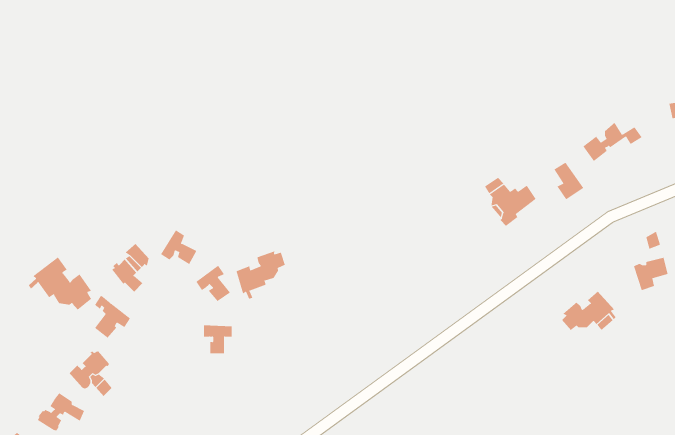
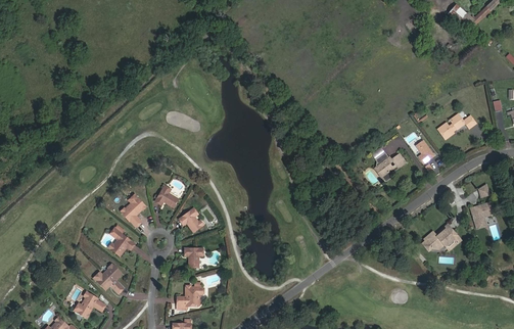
building: [236,250,286,299] -> none
building: [28,256,92,311] -> none
building: none -> [178,283,204,310]

